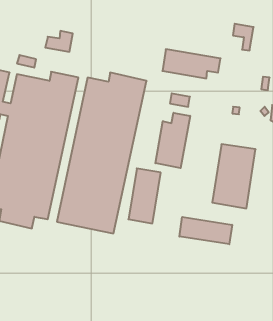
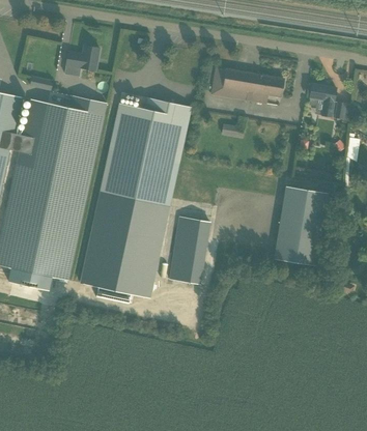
building: [233,24,254,50] -> [310,83,336,116]
building: [155,113,190,168] -> none
building: [179,217,232,244] -> none

